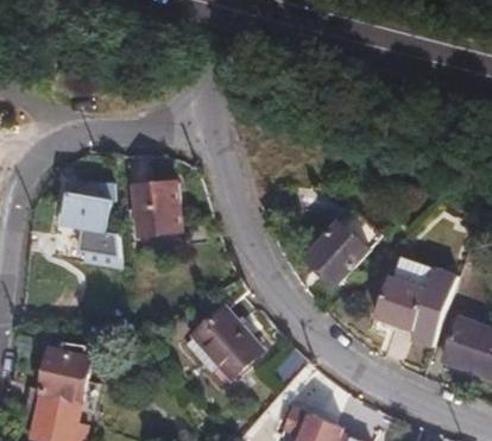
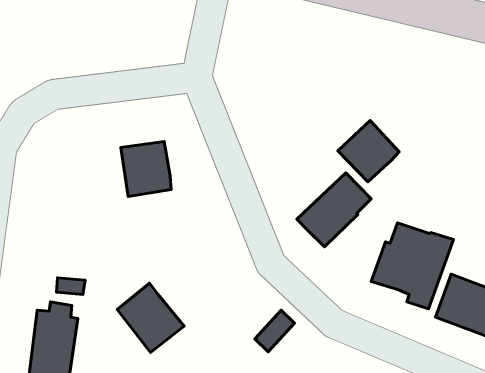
building: none -> [338,120,399,182]
building: [61,181,120,267] -> none
building: [189,309,256,378] -> [117,283,184,353]

